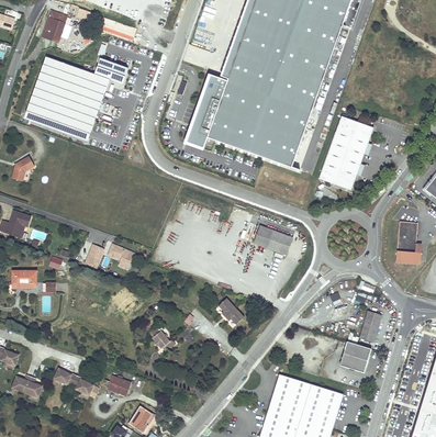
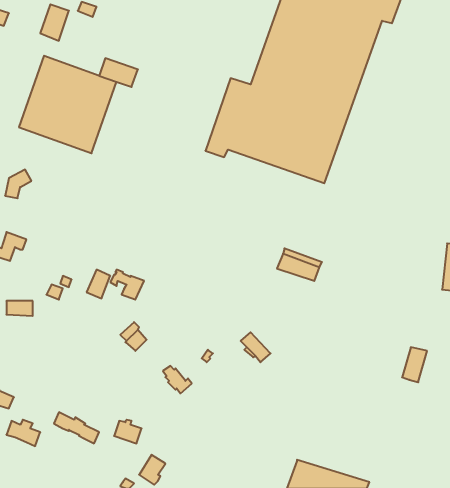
building: [318,114,373,190] -> none
building: [339,340,372,372] -> none
building: [268,373,343,429] -> none

